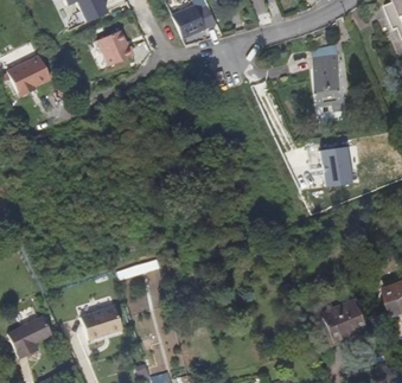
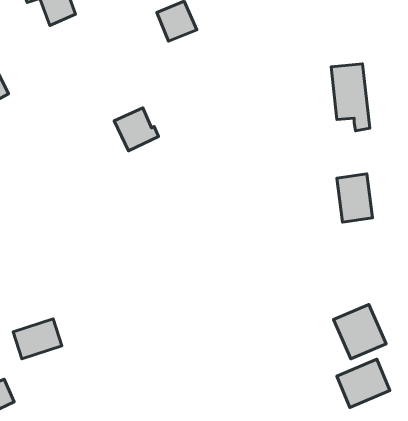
building: [95,33,132,69] -> [114,108,158,151]
building: none -> [333,304,386,359]
building: [81,304,121,337] -> [13,319,62,359]

